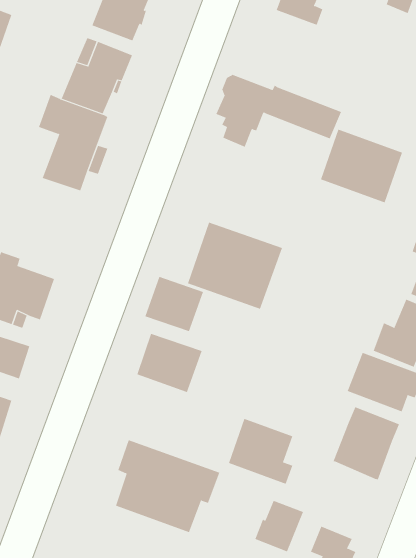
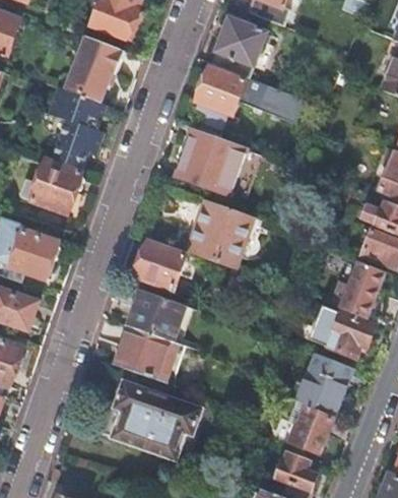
building: none -> [211,17,267,77]
building: [320,129,403,203] -> [175,130,246,194]
building: none -> [30,159,81,211]
building: [228,418,293,484] -> [115,324,171,381]
building: [254,500,304,552] -> [290,408,333,452]

